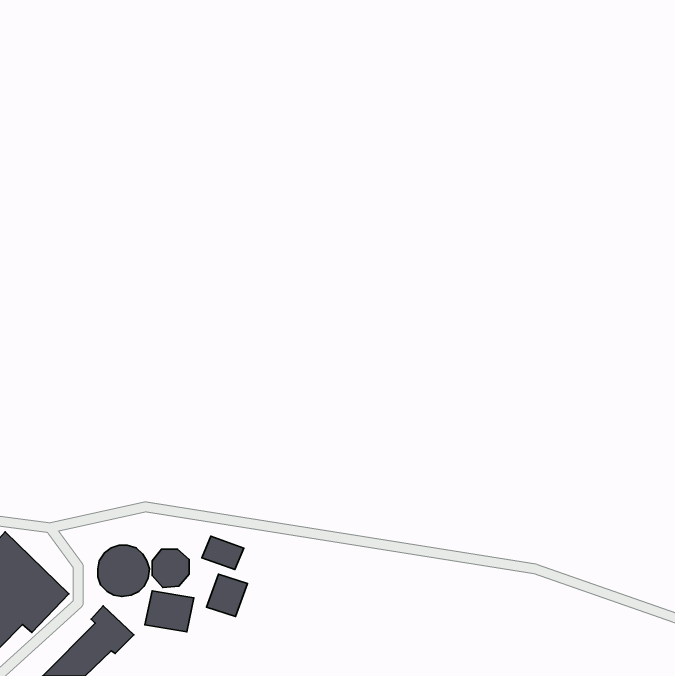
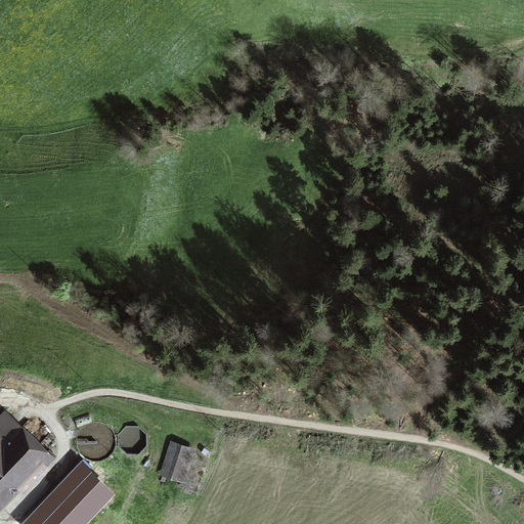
building: [202,536,244,570] -> none
building: [145,591,194,632] -> none

